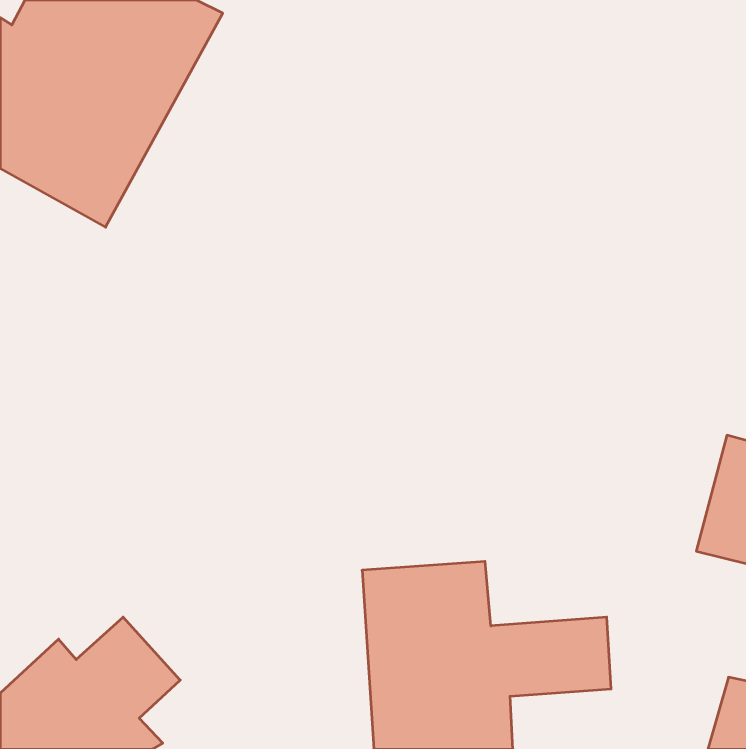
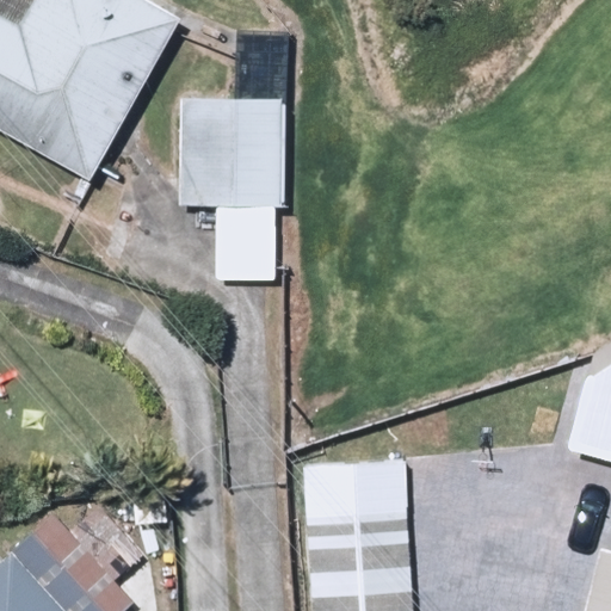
building: none -> [173,26,288,285]

